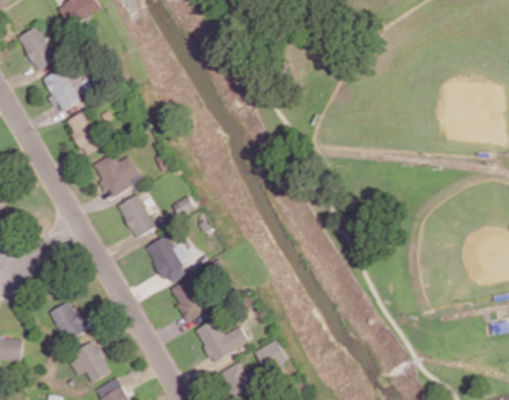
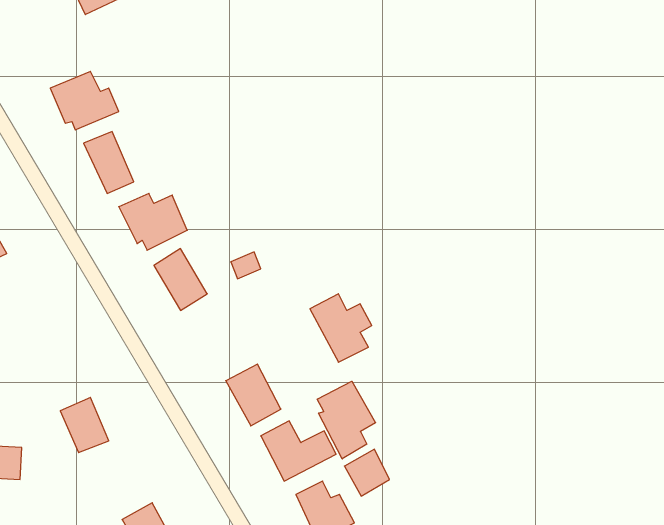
building: [17,25,55,71] -> none
building: [145,235,189,284] -> [310,294,372,362]
building: none -> [317,381,376,459]
building: [65,341,110,382] -> none

